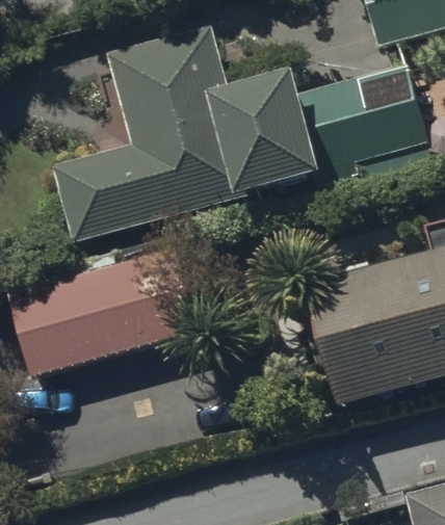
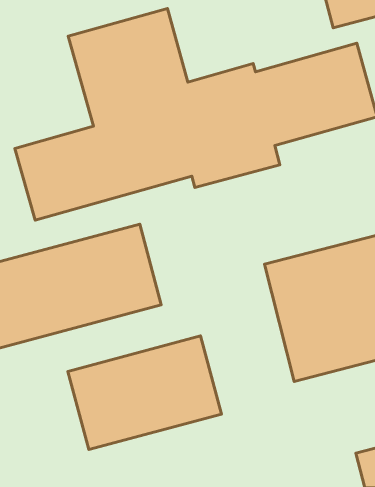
building: none -> [68,336,222,450]

